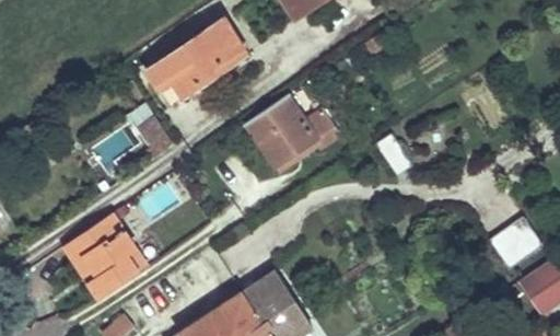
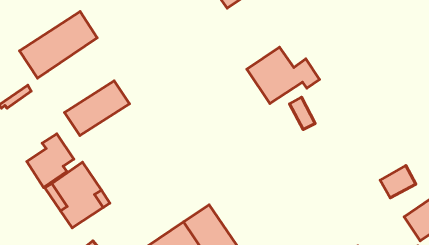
building: [148,20,247,105] -> [20,11,97,78]
building: [247,95,340,167] -> [247,47,320,103]
building: none -> [27,134,74,187]

